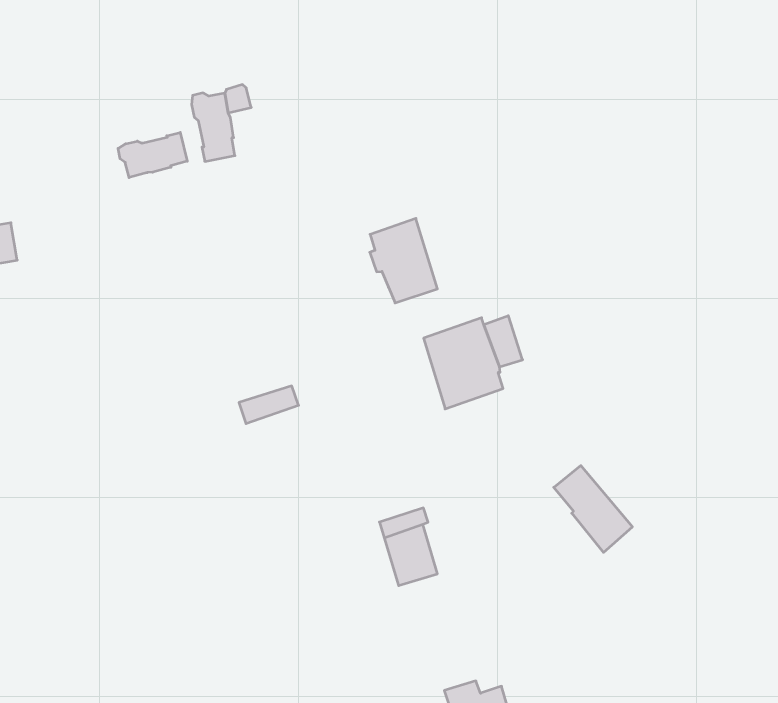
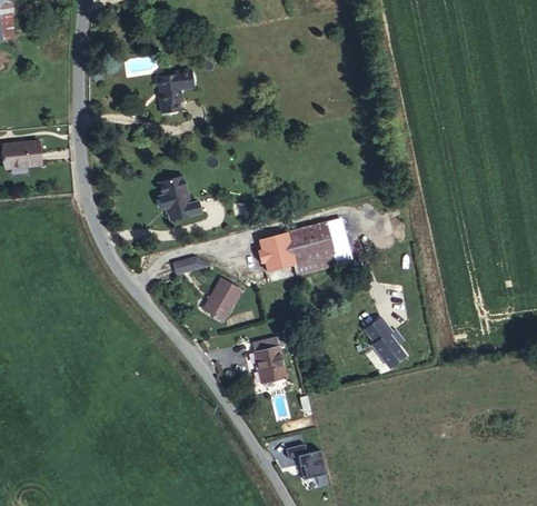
building: [118,132,187,178] -> none
building: [370,218,437,303] -> [258,231,298,282]
building: none -> [156,175,203,225]
building: none -> [206,278,241,320]

